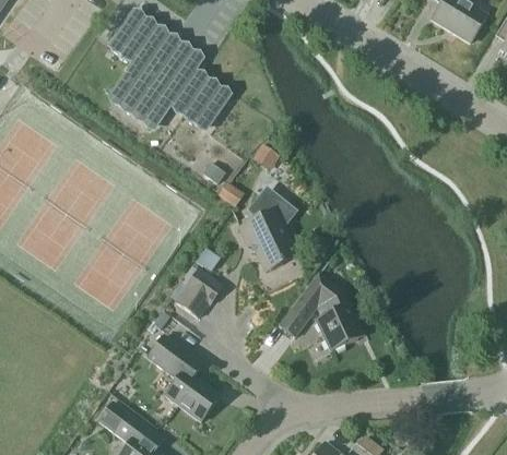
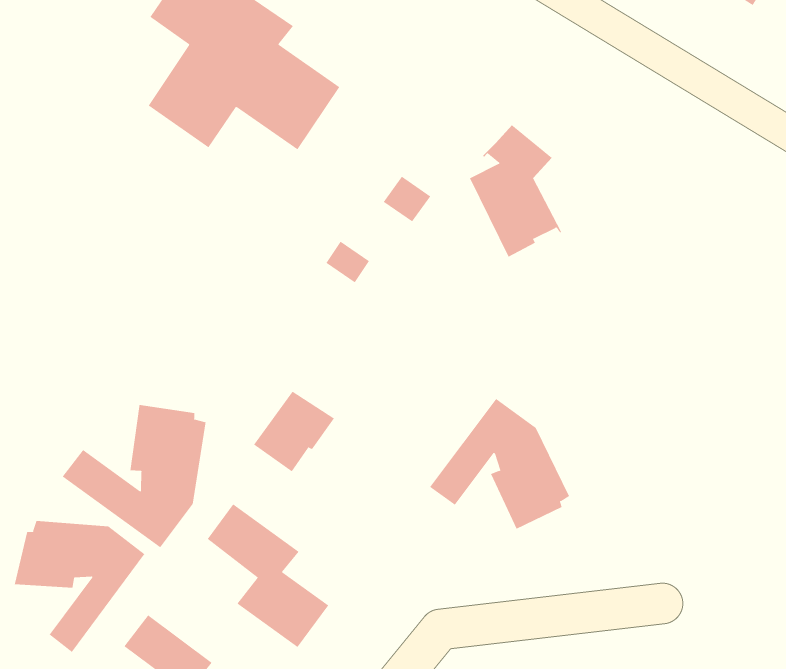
building: [244,193,298,272] -> [469,124,562,258]
building: none -> [62,404,206,548]
building: none -> [14,520,145,653]

